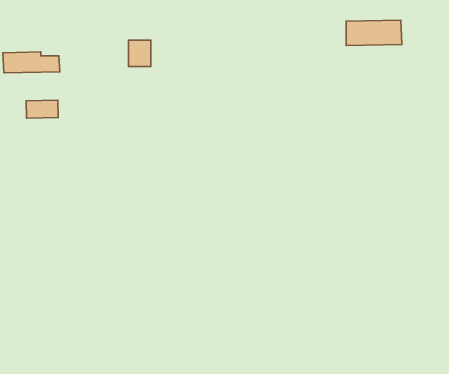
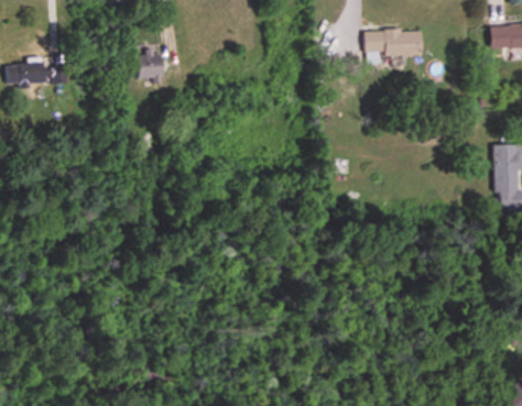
building: [26,100,58,118] -> none

